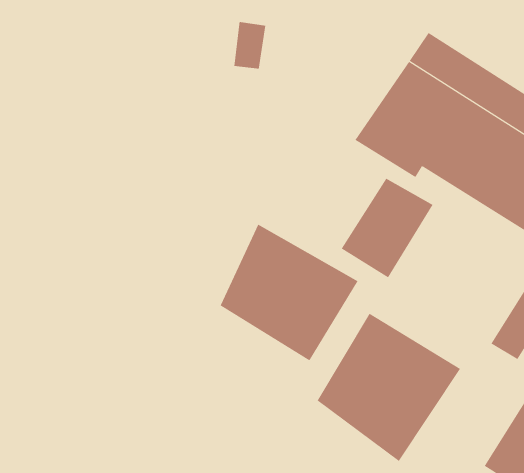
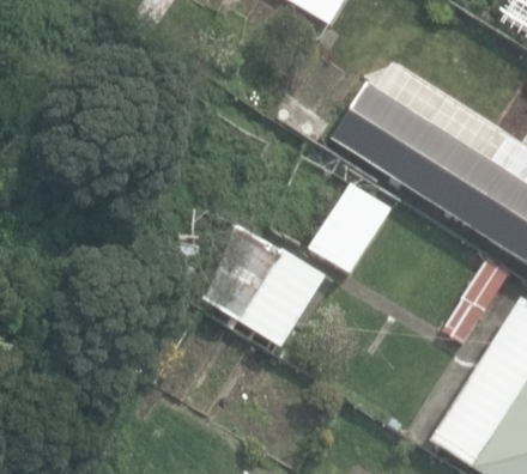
building: [317,313,461,462] -> none

